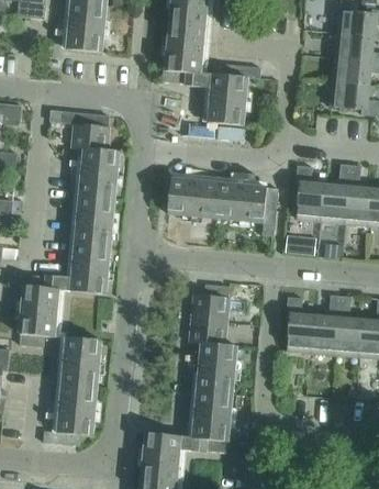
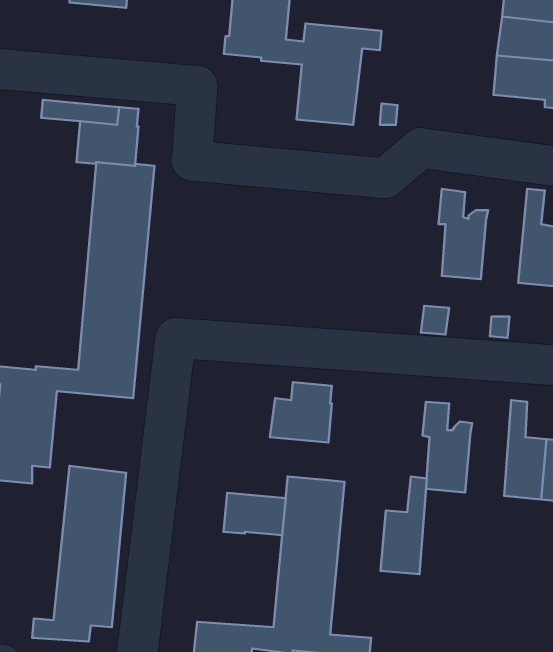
building: [321,163,349,222] -> none
building: [167,177,277,234] -> none
building: [311,293,339,354] -> [381,477,427,574]
building: [188,318,226,344] -> [224,493,286,535]

